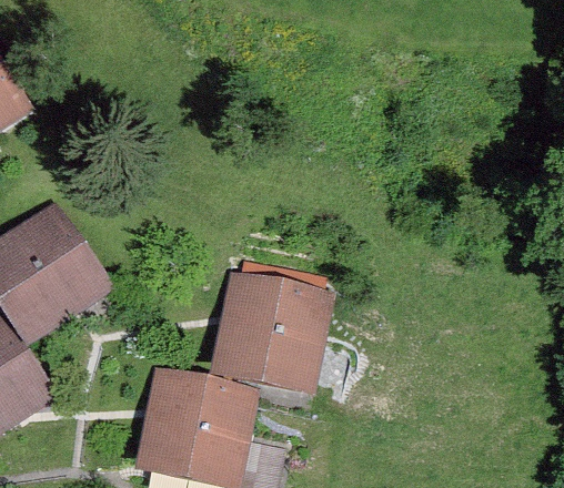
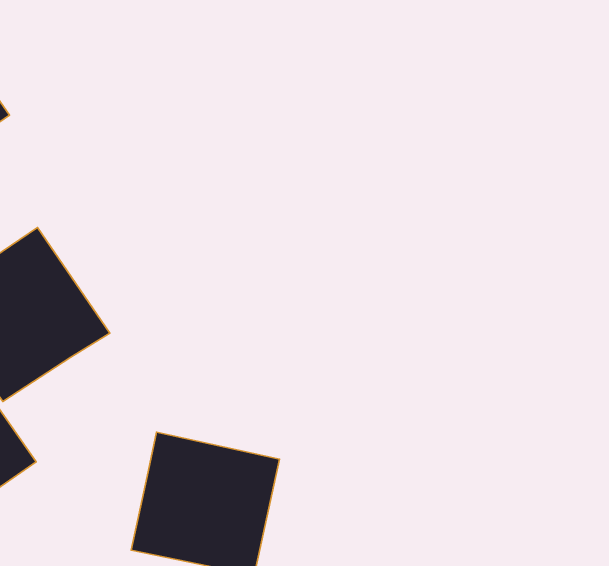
building: [212,270,335,394] -> none

